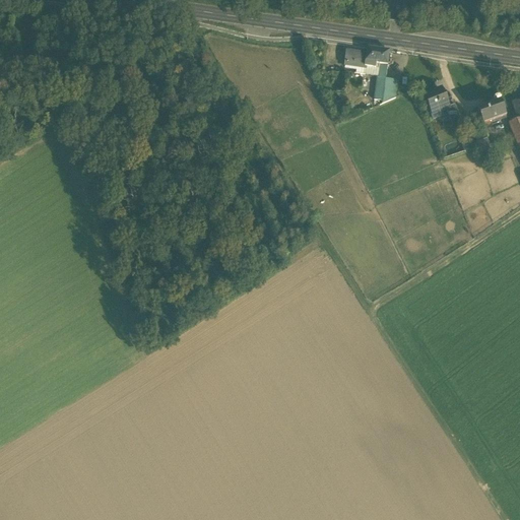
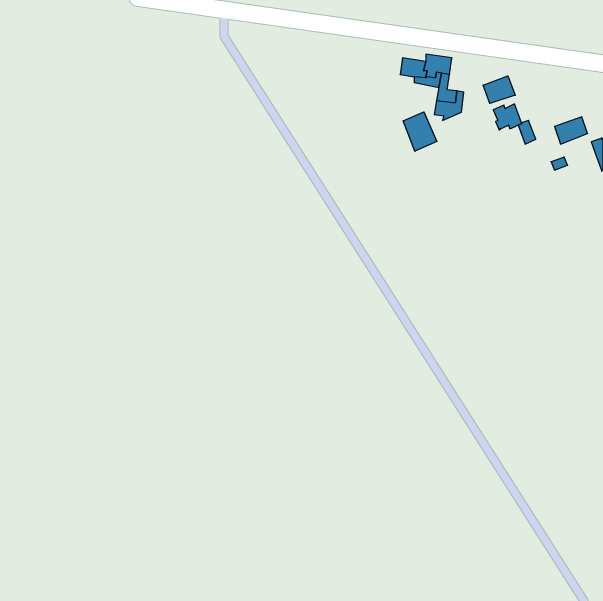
building: none -> [483,76,515,103]
building: none -> [403,112,437,151]

